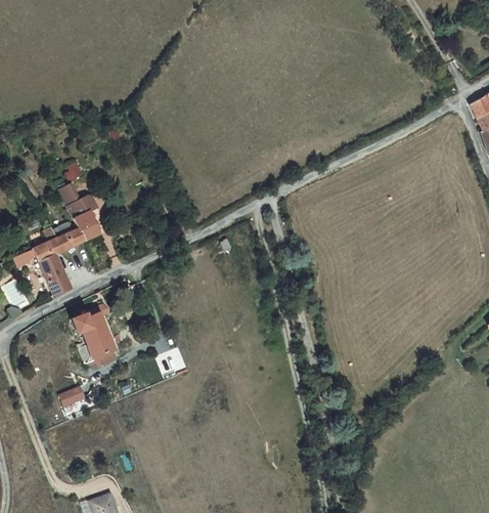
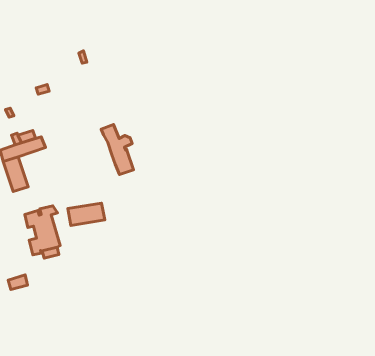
building: [59,183,101,240] -> [101,124,134,175]
building: none -> [68,203,105,225]

